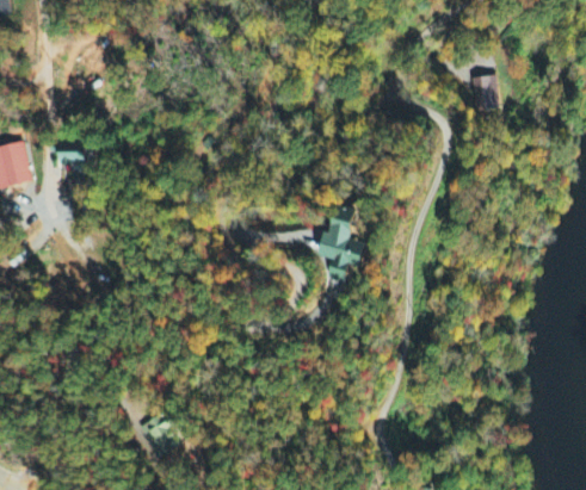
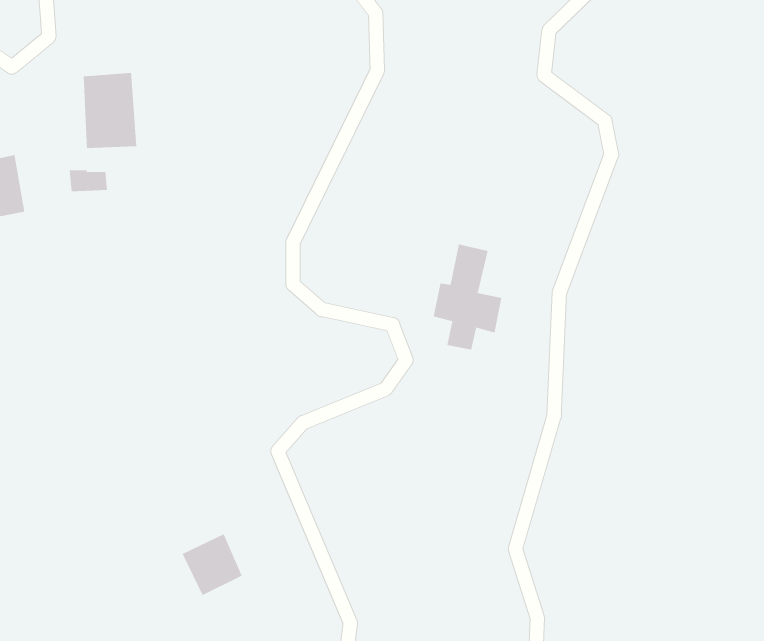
building: [470,76,498,111] -> none
building: none -> [83,72,137,149]

